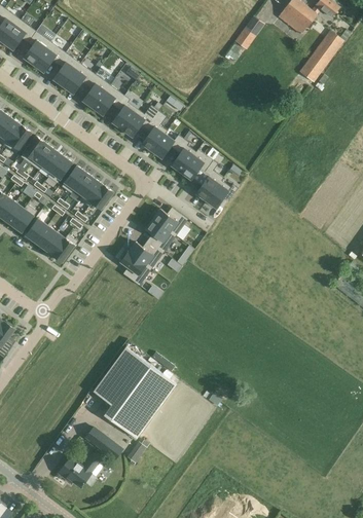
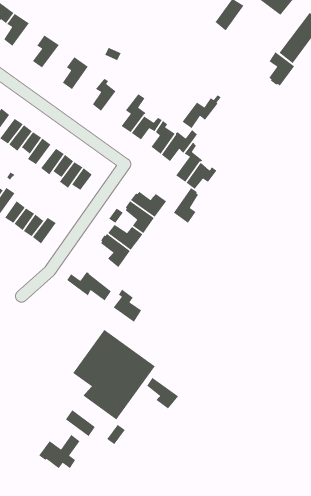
building: [33,42,65,73] -> none
building: [63,64,95,95] -> none
building: none -> [269,51,295,87]
building: [93,85,124,116] -> none
building: [121,103,161,138] -> [181,94,222,129]
building: none -> [173,187,199,224]
building: none -> [66,271,112,301]
building: none -> [113,288,142,323]
building: none -> [146,377,179,410]

